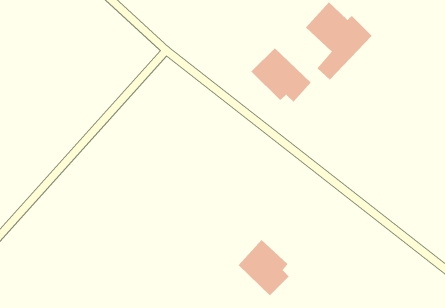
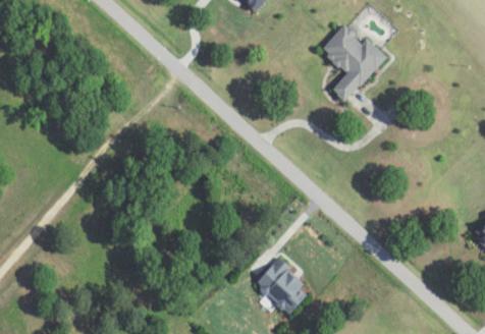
building: [250,47,312,102] -> none

